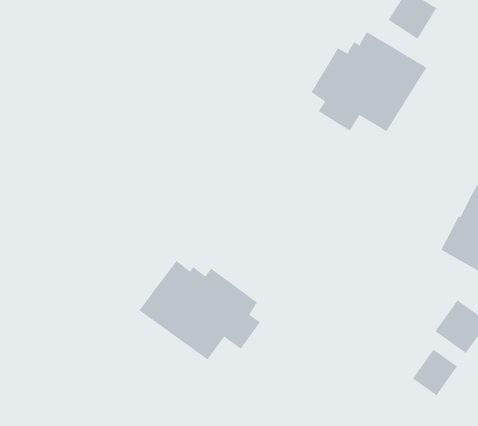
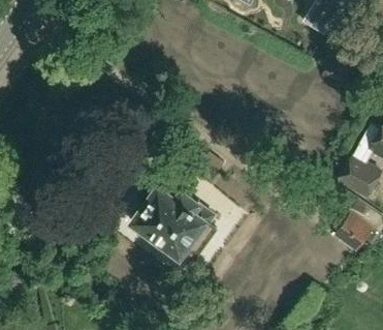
building: [311,31,427,132] -> none
building: [412,349,458,396] -> none

